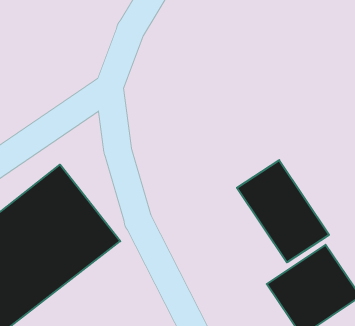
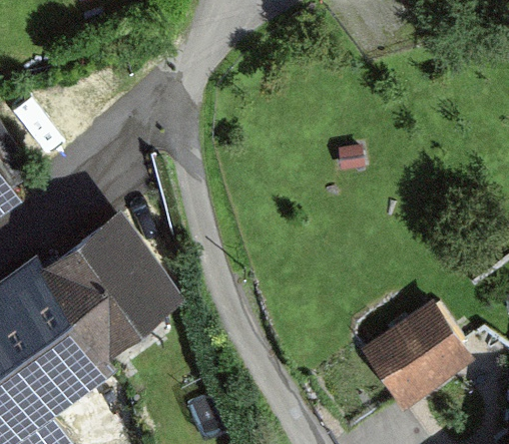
building: [237,160,329,262] -> none

